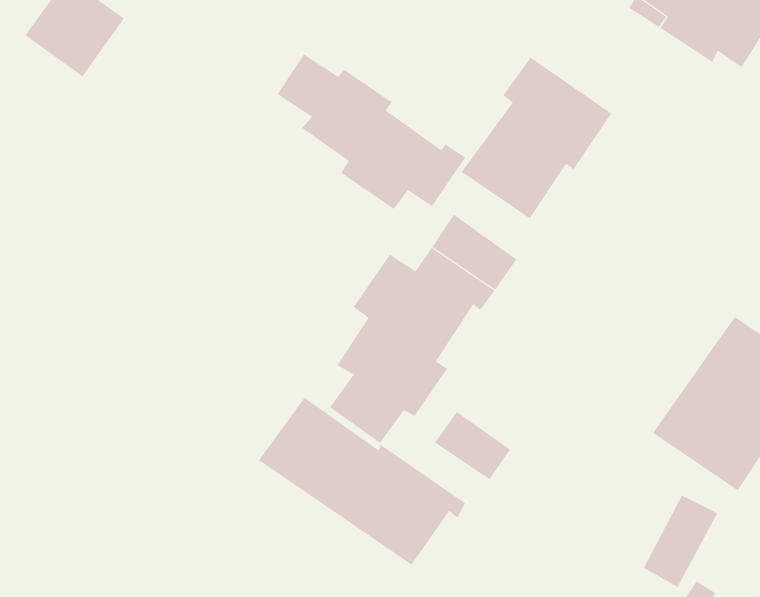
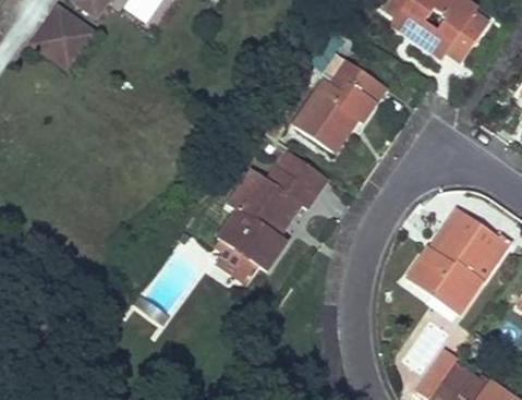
building: [277,54,466,210] -> none
building: [258,397,466,566] -> none
building: [434,411,511,480] -> none

